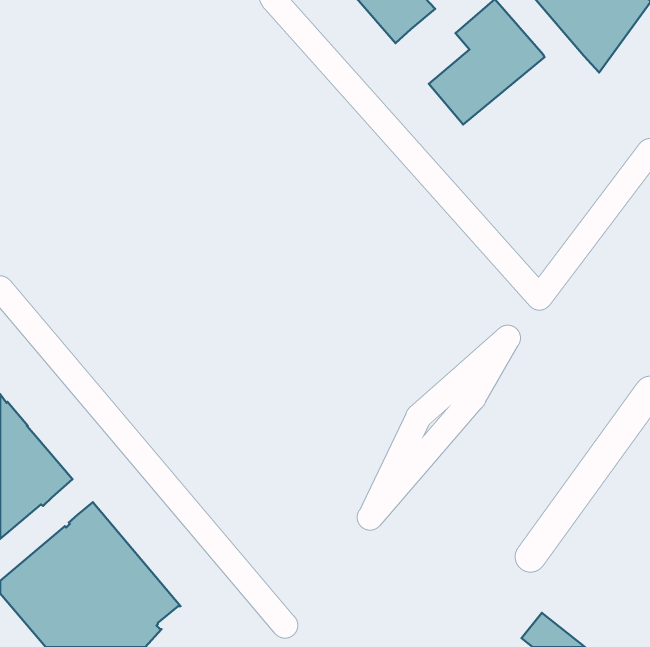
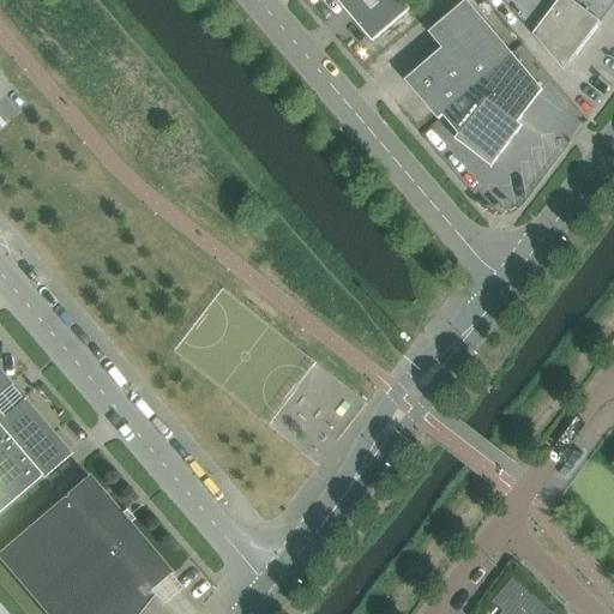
building: none -> [437,54,543,165]

